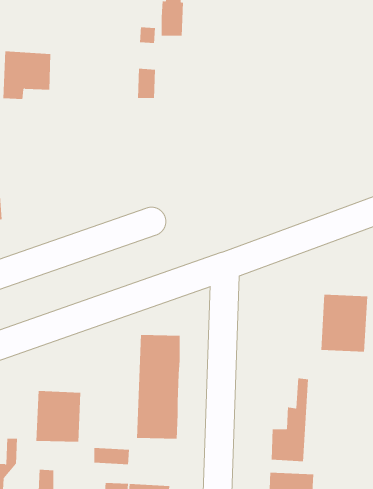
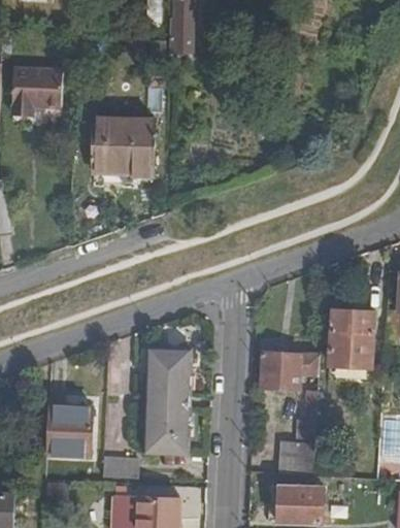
building: none -> [93,121,155,177]
building: none -> [259,352,320,390]

